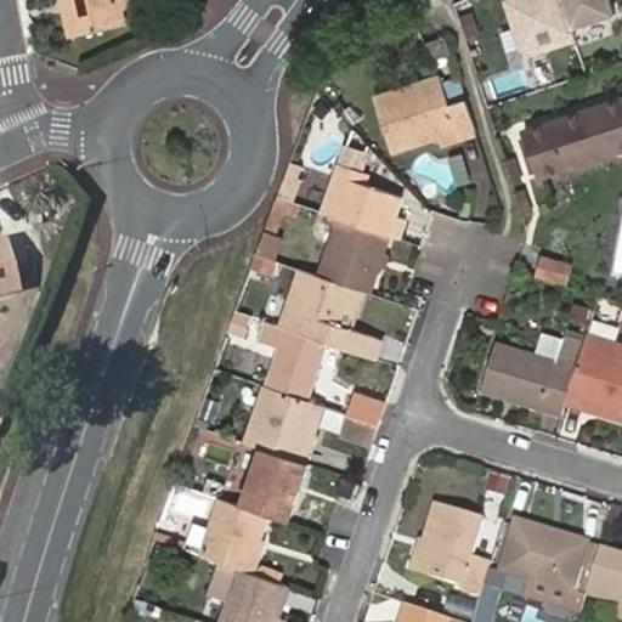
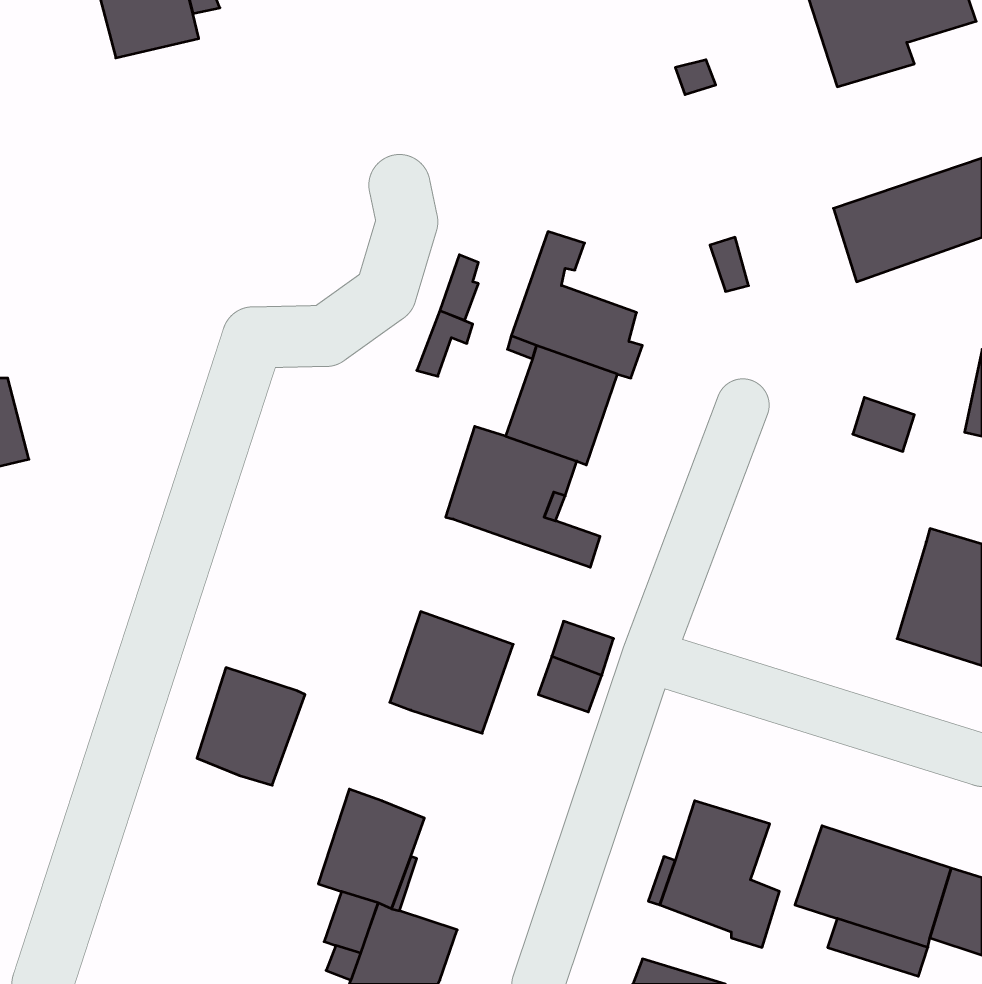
building: [374,78,476,151] -> none
building: [255,318,327,400] -> none
building: [481,335,583,414] -> none
building: [241,447,309,521] -> [197,668,305,785]

